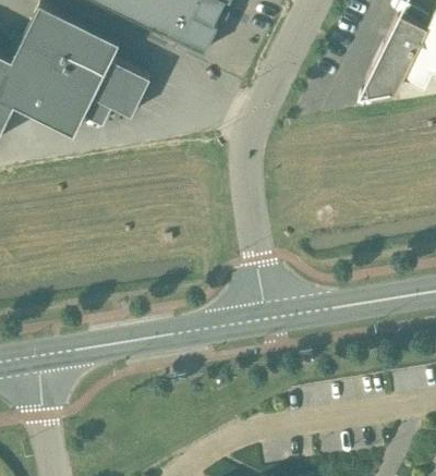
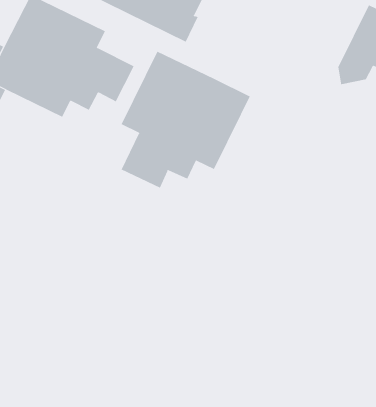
building: none -> [121,51,250,188]

